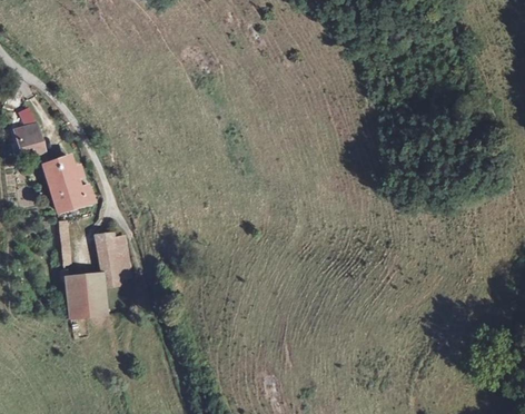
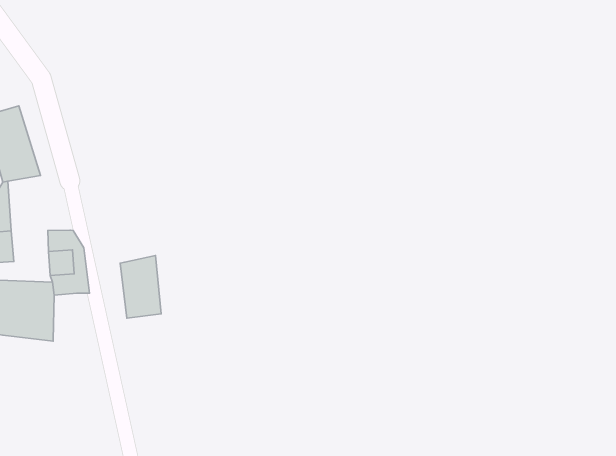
building: none -> [120,255,161,318]

